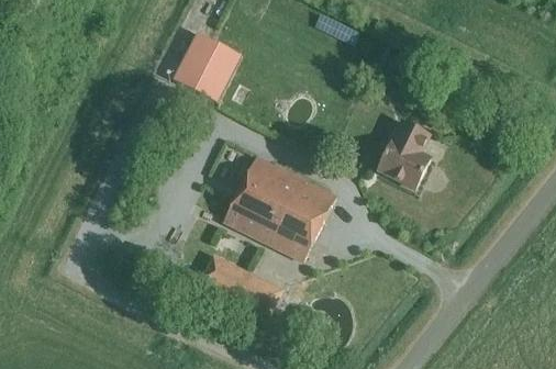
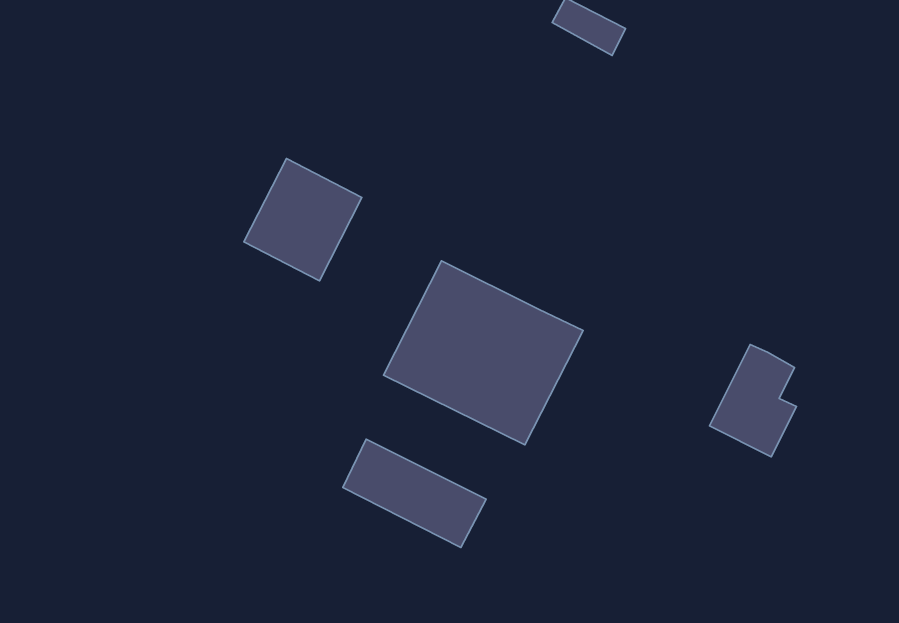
building: [173,32,240,101] -> [244,159,362,281]
building: [378,122,427,186] -> [709,344,797,457]

